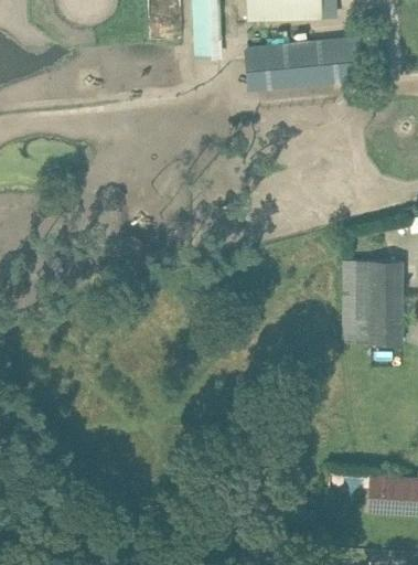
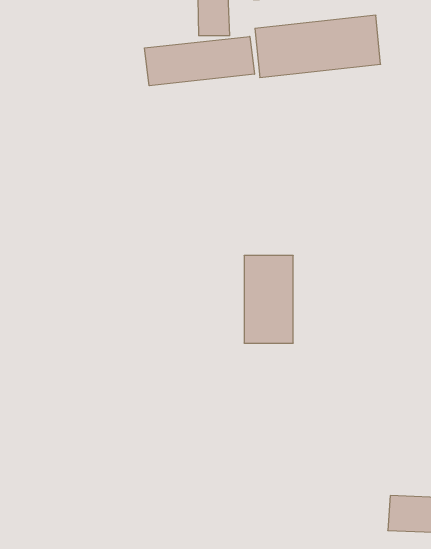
building: none -> [145,36,254,86]
building: [356,263,401,343] -> [244,256,293,343]

